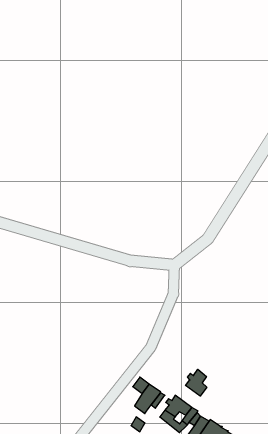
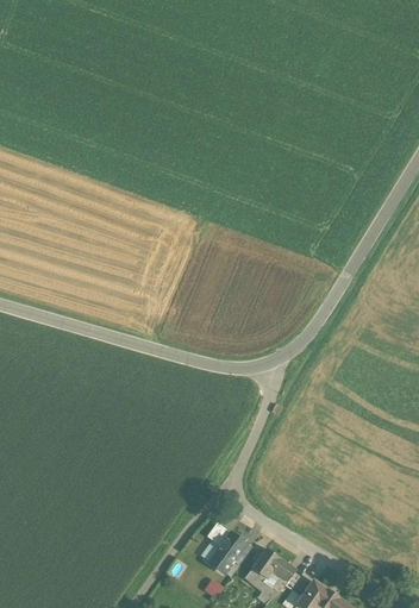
building: [186,369,207,396] -> none

